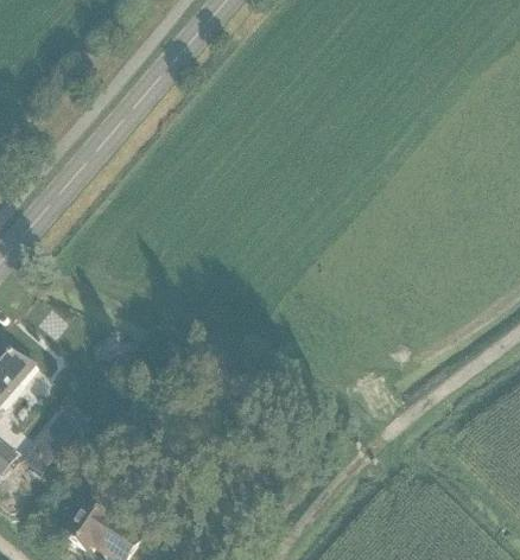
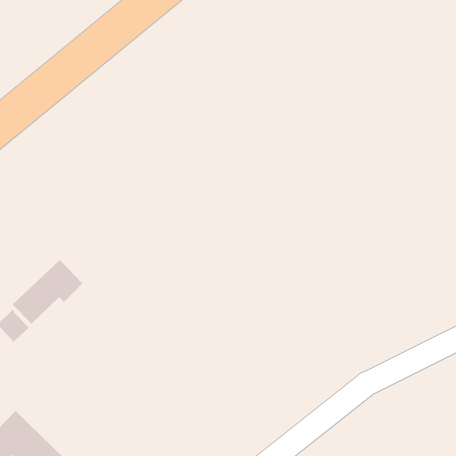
building: none -> [12,259,83,325]

